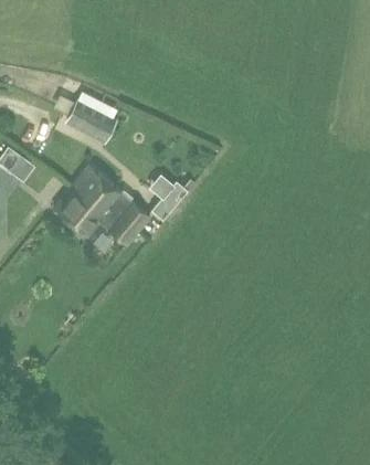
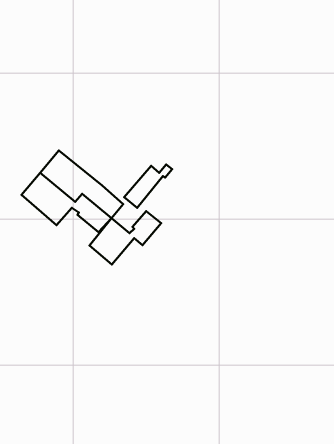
building: [65,103,115,142] -> none
building: none -> [89,211,161,264]

